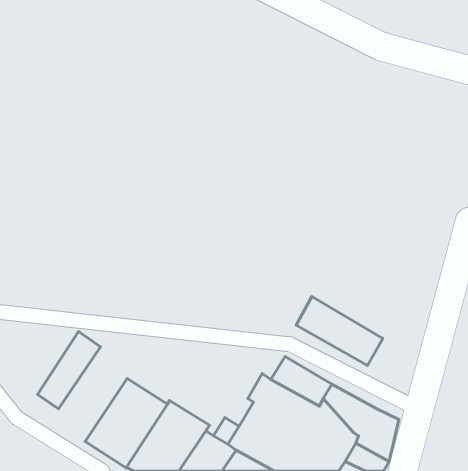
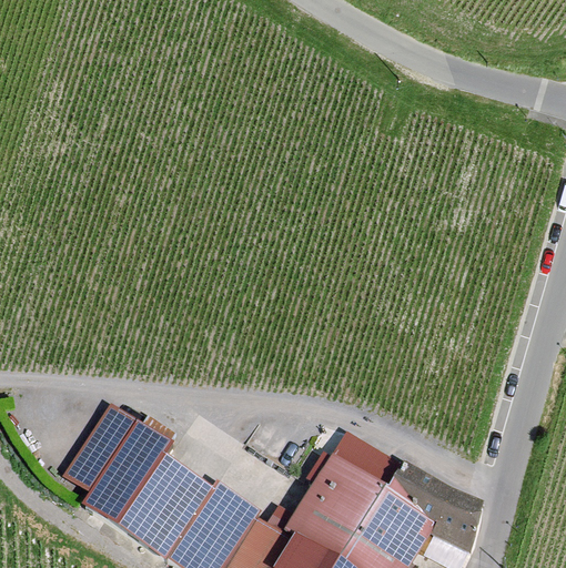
building: [296,296,383,365] -> none
building: none -> [79,423,174,532]

